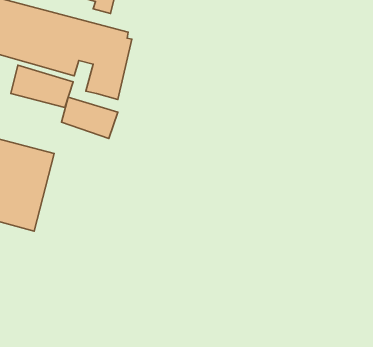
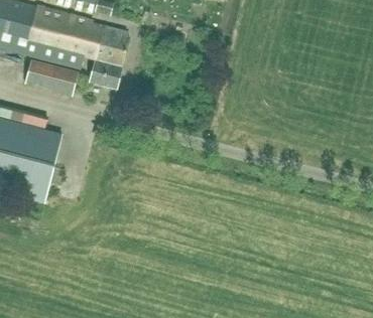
building: [61,97,118,138] -> none

